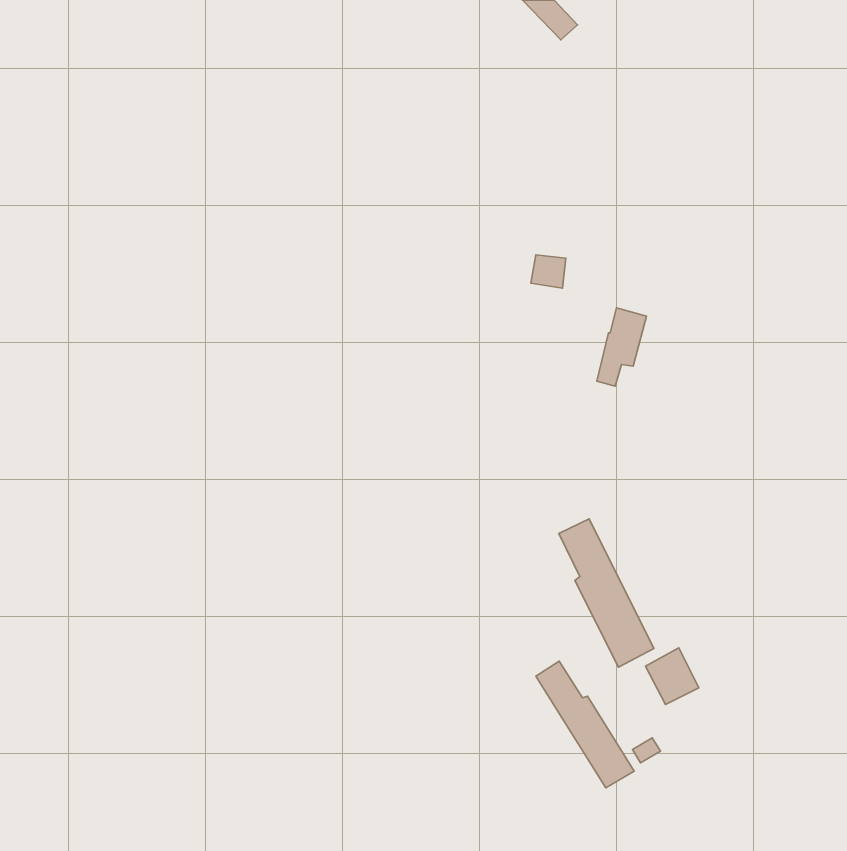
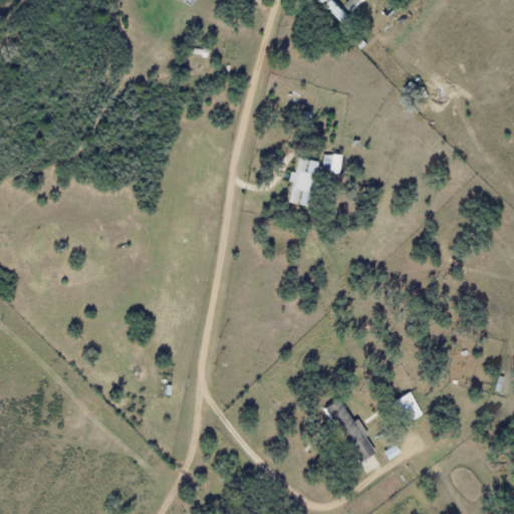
building: [597,308,647,386] -> [286,157,316,204]
building: [559,519,654,667] -> none

